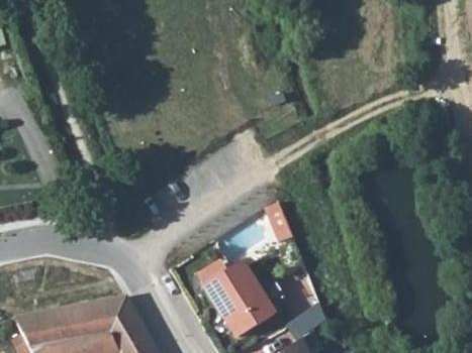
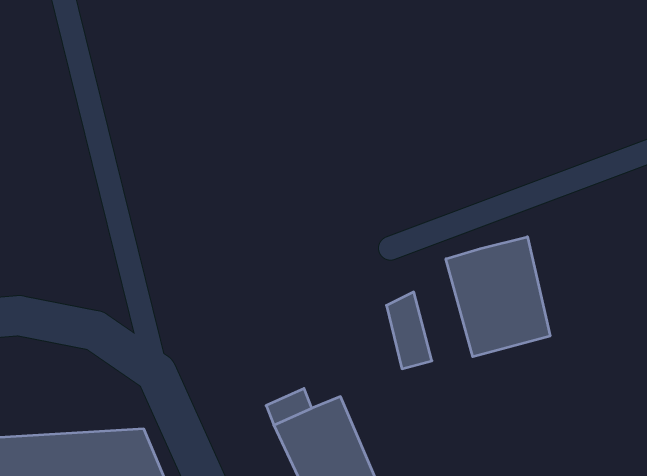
building: none -> [446,237,550,357]

